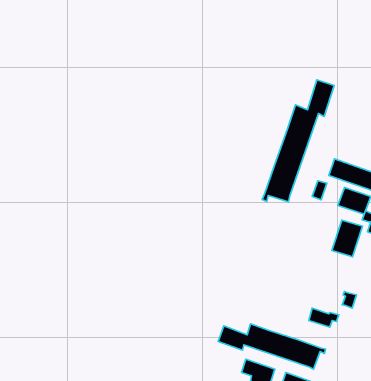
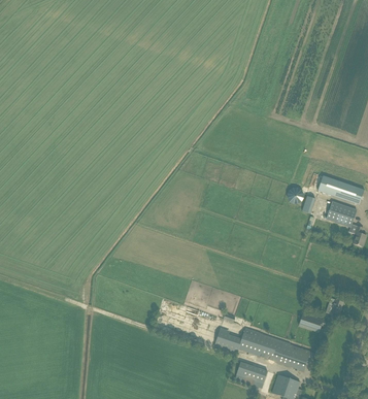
building: [262,80,334,202] -> none
building: [332,220,363,257] -> none

